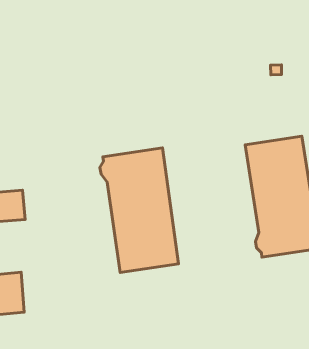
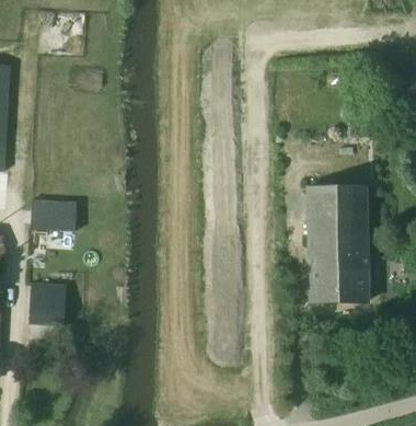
building: [100,148,179,273] -> none

